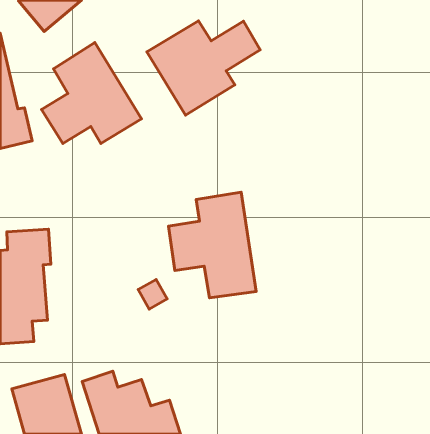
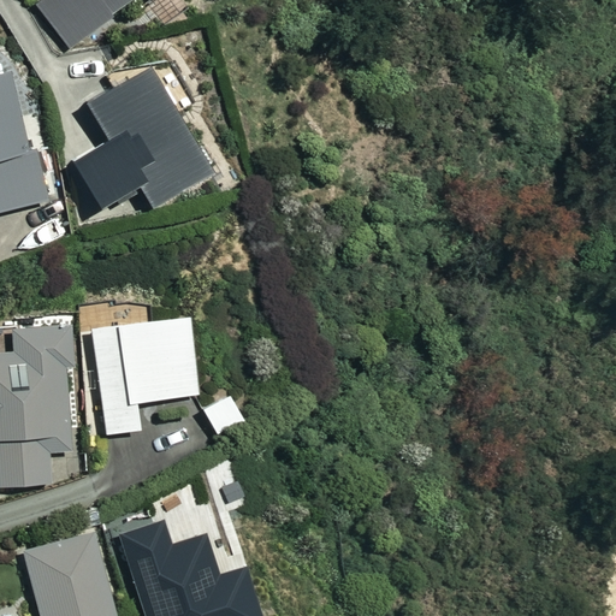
building: [147,21,260,115] -> none
building: [168,192,256,298] -> none
building: none -> [91,318,196,437]

